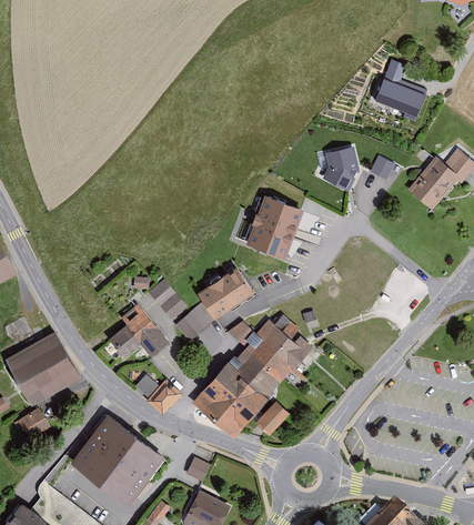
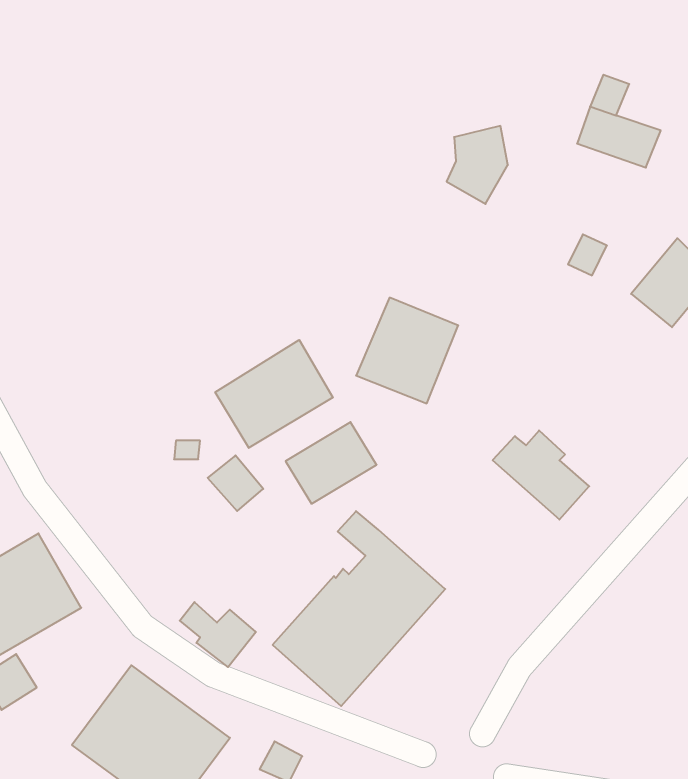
building: [321,145,357,192] -> [447,126,508,204]
building: none -> [215,340,333,448]
building: [175,303,215,342] -> none
building: [110,311,167,354] -> none
building: [255,314,313,367] -> [493,430,589,520]
building: [255,402,289,434] -> none

